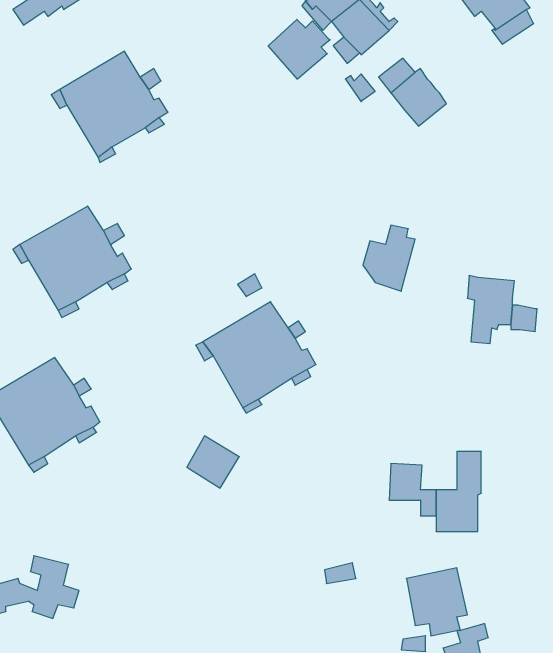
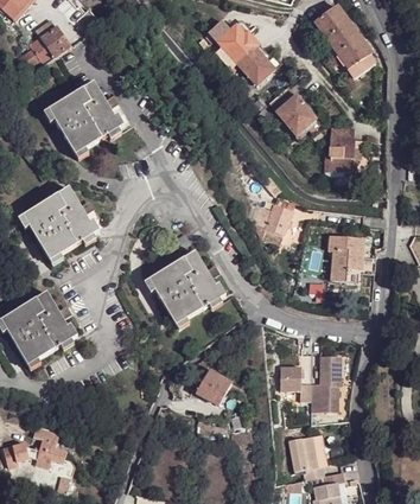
building: [268,19,330,79] -> none
building: none -> [327,126,359,172]
building: [187,436,239,488] -> [195,370,230,406]

